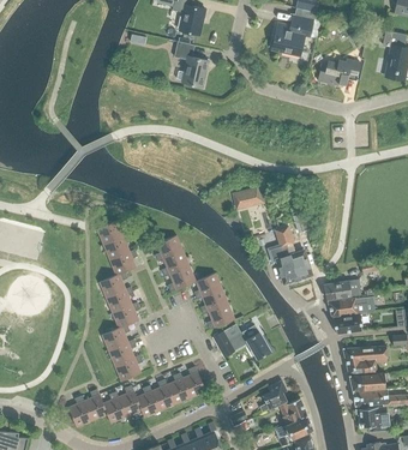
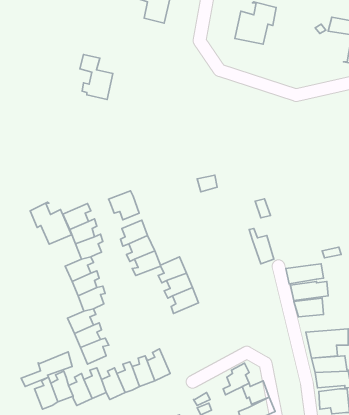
building: [174,42,208,88] -> [80,55,113,99]
building: [317,59,360,86] -> none
building: none -> [108,191,139,220]
building: none -> [30,202,72,244]
building: [270,227,298,284] -> none
building: [212,326,270,359] -> none
building: none -> [21,352,72,387]

